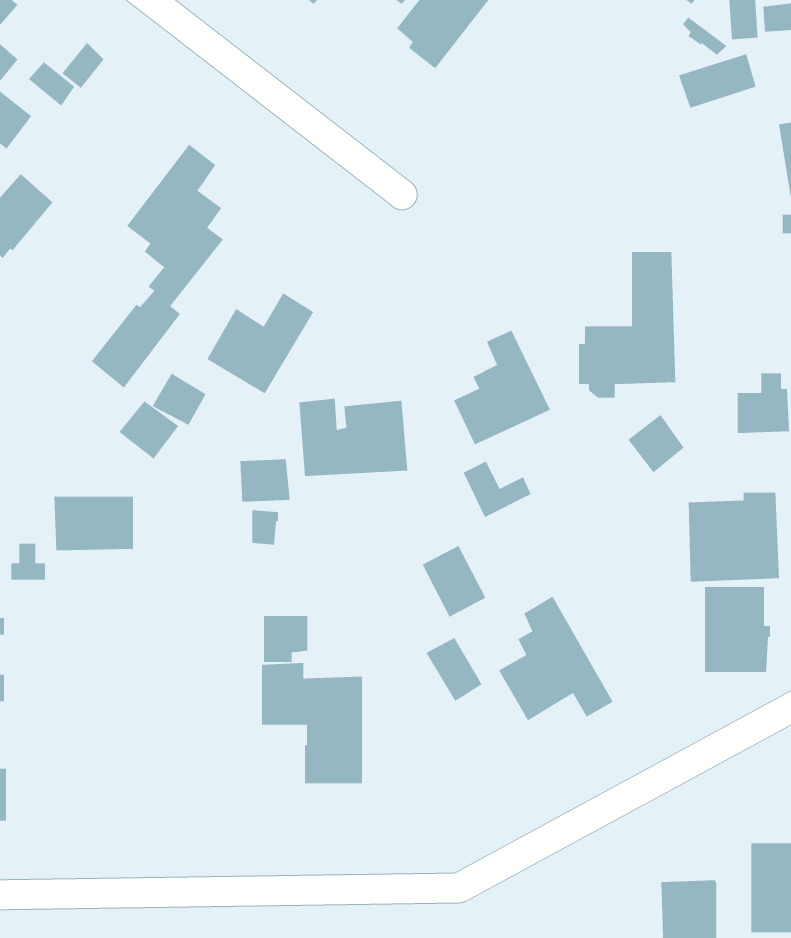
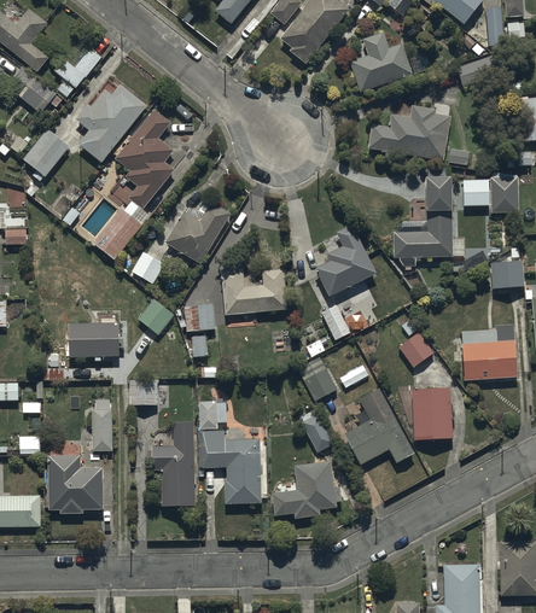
building: none -> [350,33,425,93]
building: none -> [75,84,147,163]
building: none -> [367,106,470,165]
building: none -> [464,177,519,214]
building: [119,401,179,459] -> [138,299,175,335]
building: [628,414,684,473] -> [398,332,433,368]
building: none -> [129,379,158,405]
building: [704,586,771,673] -> [414,387,455,440]
building: none -> [93,402,113,454]
building: none -> [152,421,196,506]
building: none -> [47,455,103,514]
building: none -> [273,462,342,519]

